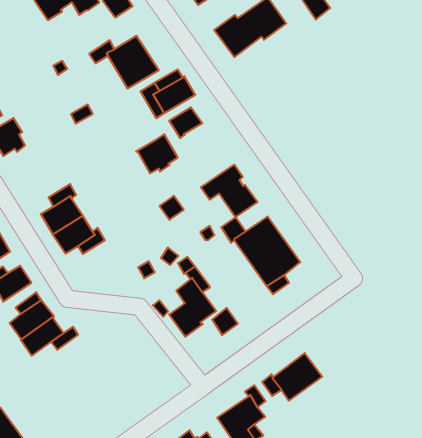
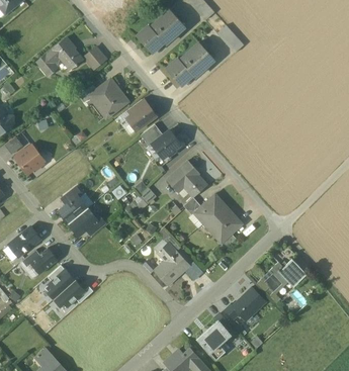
building: [136,134,178,173] -> [151,129,180,158]
building: none -> [260,259,306,292]

